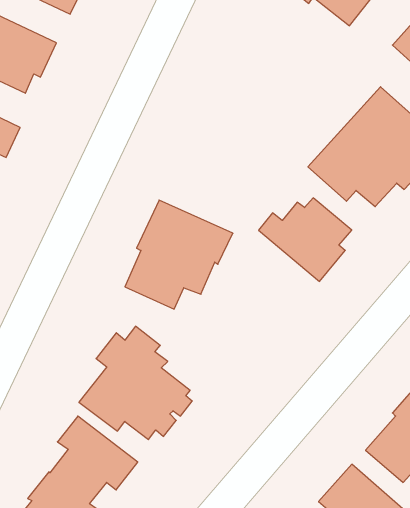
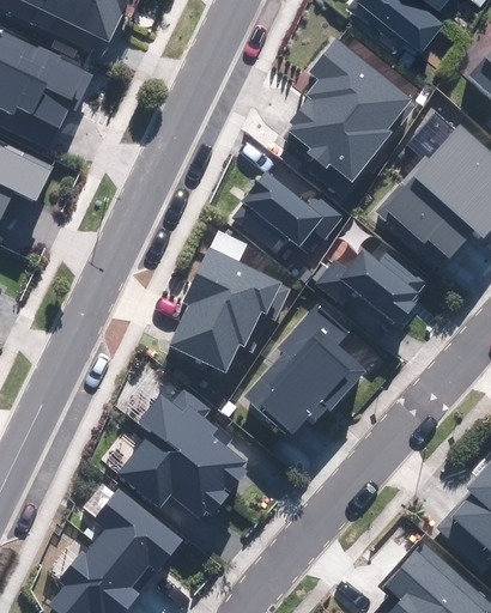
building: none -> [287,40,410,180]
building: none -> [231,172,343,256]
building: none -> [247,305,365,435]

